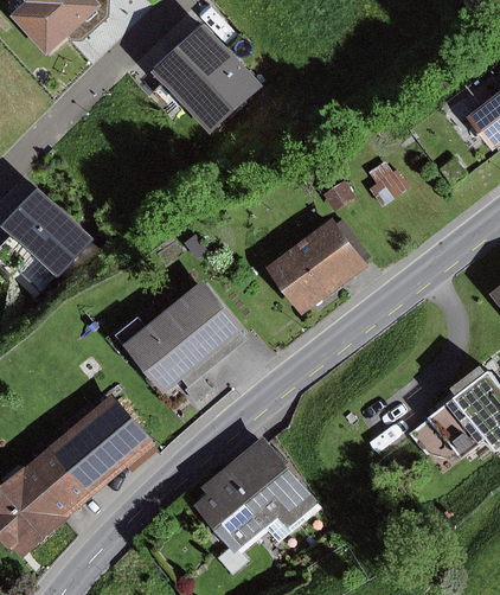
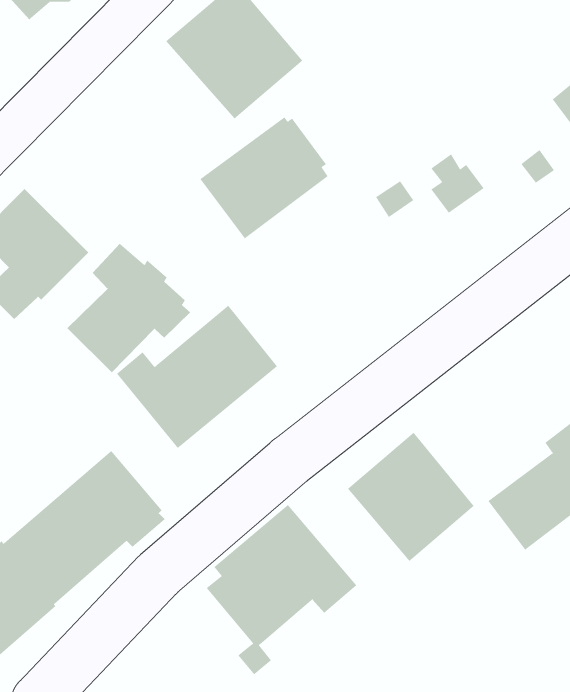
building: [265,217,367,314] -> [200,116,328,239]
building: none -> [67,243,191,373]
building: none -> [347,432,475,562]

